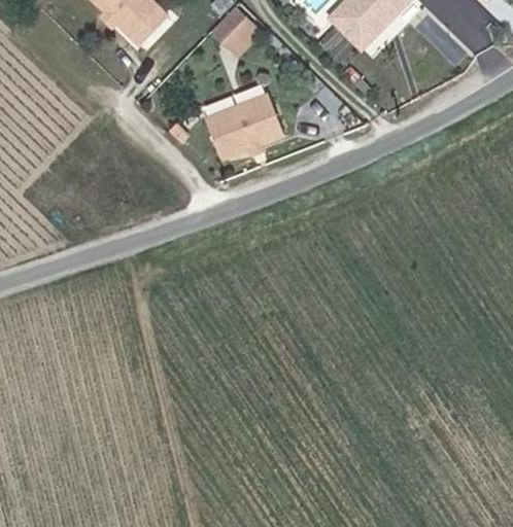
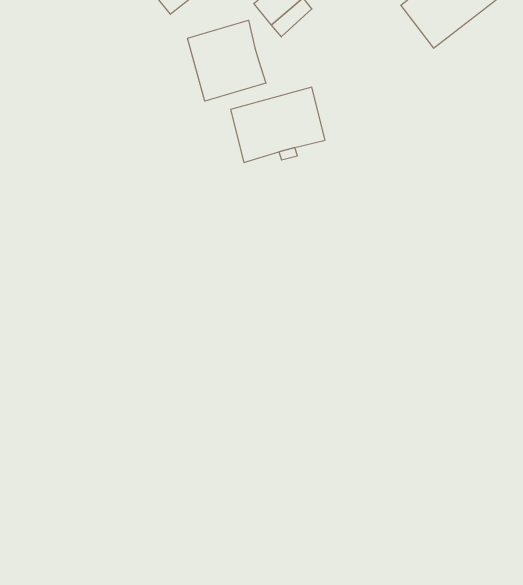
building: none -> [187,20,266,101]

